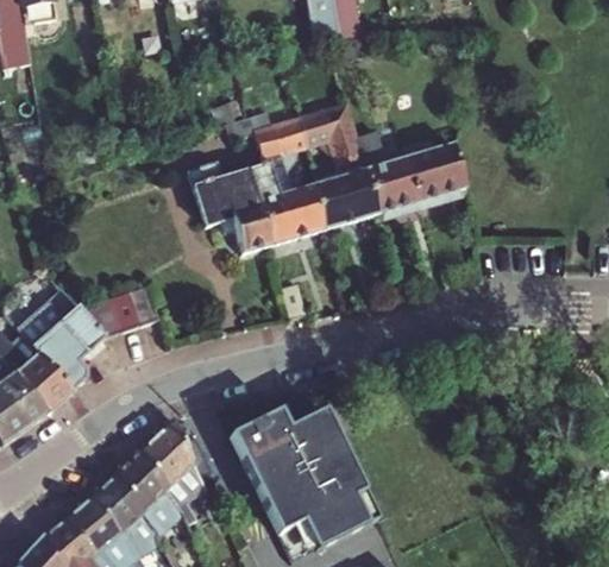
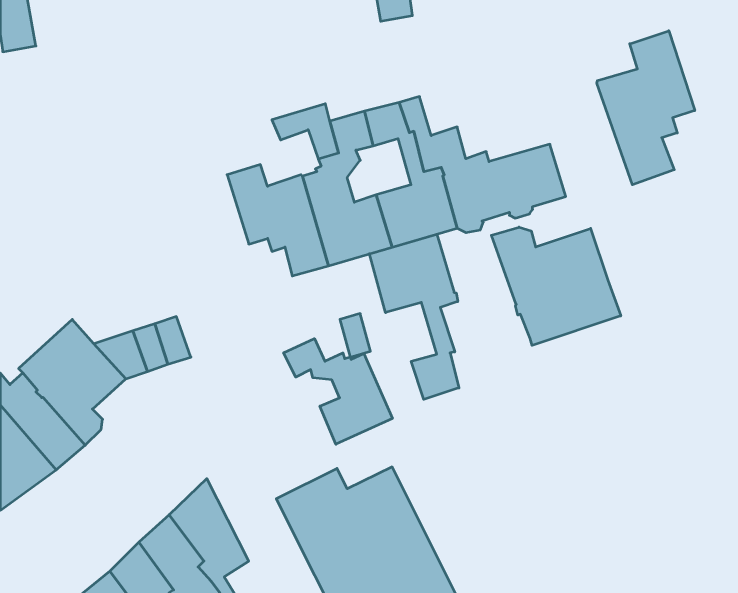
building: none -> [597,31,695,185]
building: none -> [491,227,621,345]
building: none -> [369,234,459,399]
building: none -> [284,339,392,444]

